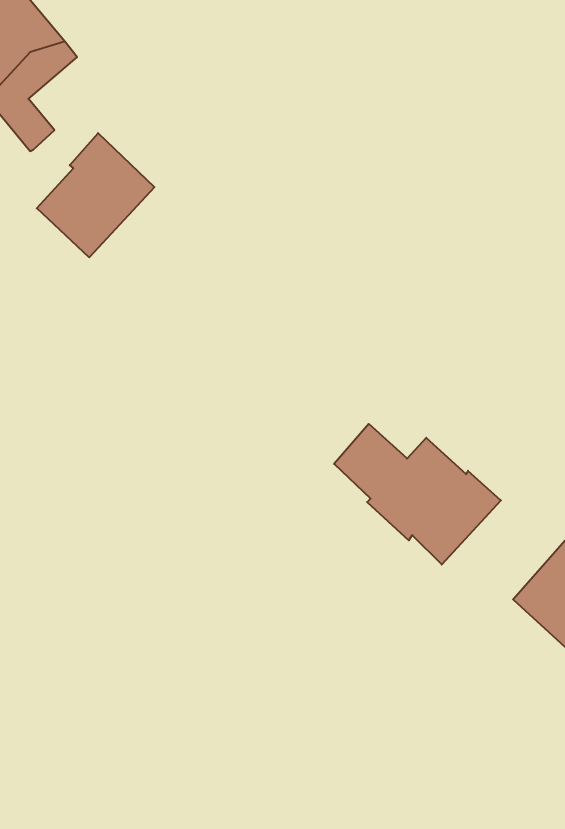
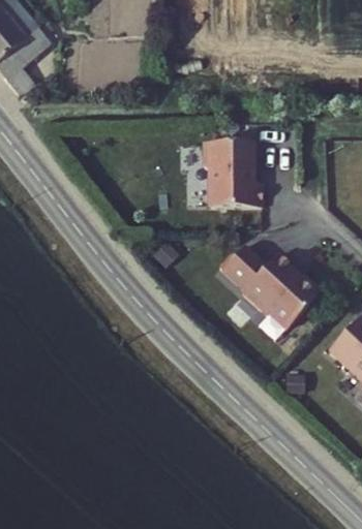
building: [37,133,154,257] -> none
building: none -> [189,139,244,208]

